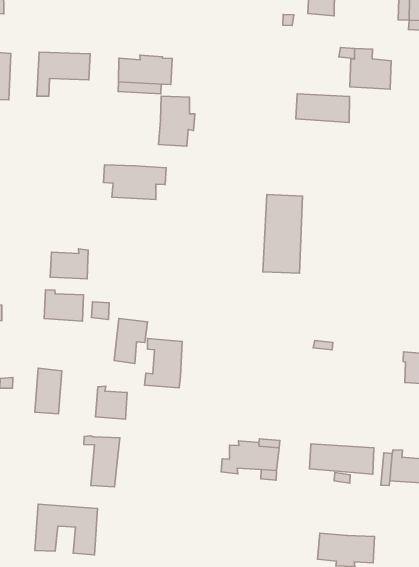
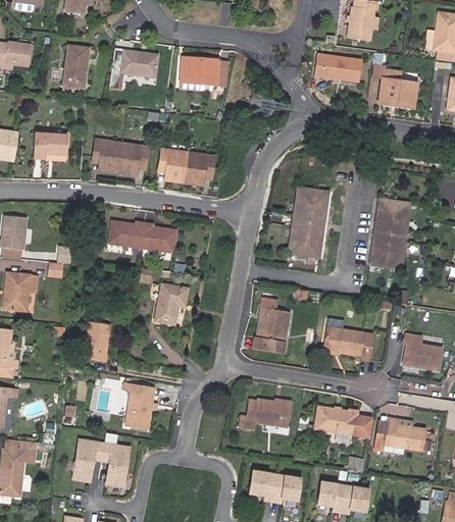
building: [296,94,349,122] -> [314,52,362,81]
building: [159,96,195,146] -> none
building: none -> [94,141,149,175]
building: none -> [371,199,412,269]
building: [44,290,84,321] -> [138,222,173,252]
building: [145,339,182,388] -> [253,307,289,352]
building: none -> [323,327,374,359]
building: [96,386,127,419] -> none
building: none -> [247,471,298,503]

